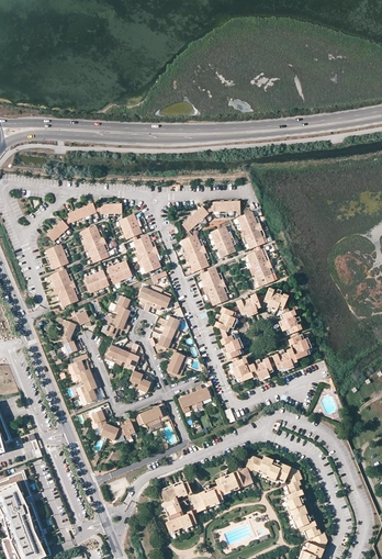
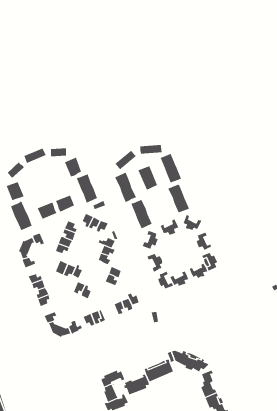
building: [79,226,106,265] -> none

